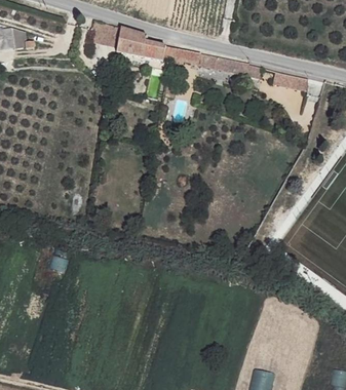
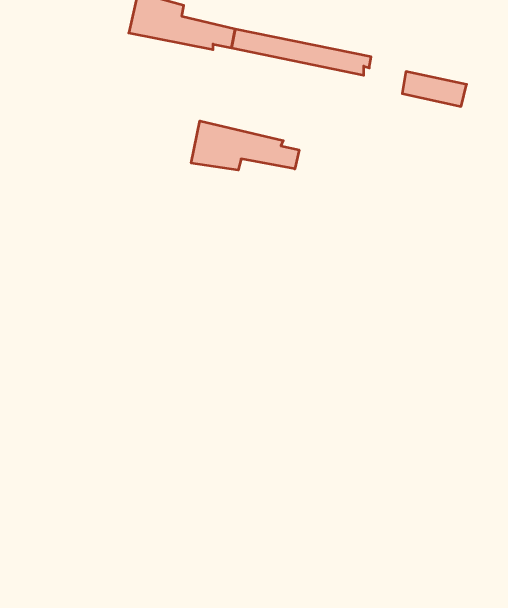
building: none -> [191,121,299,170]

